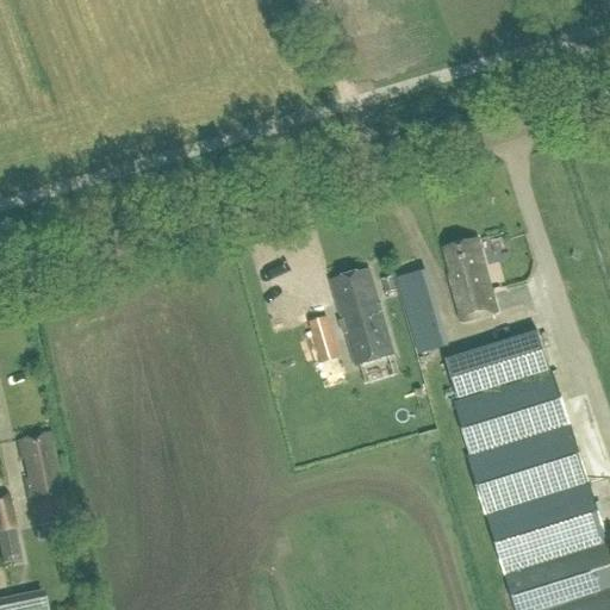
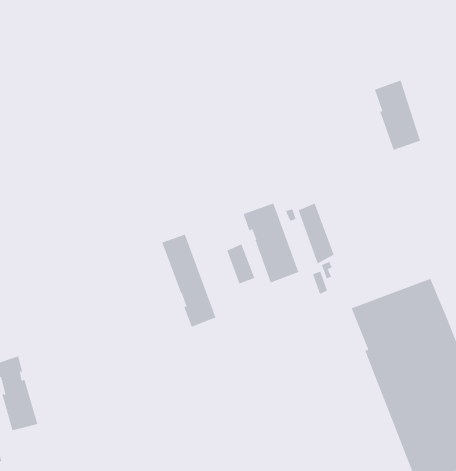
building: [443,236,496,320] -> [374,80,421,151]
building: none -> [162,234,216,327]
building: [444,329,549,397] -> none

